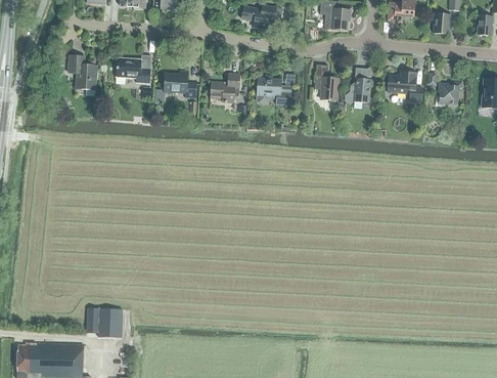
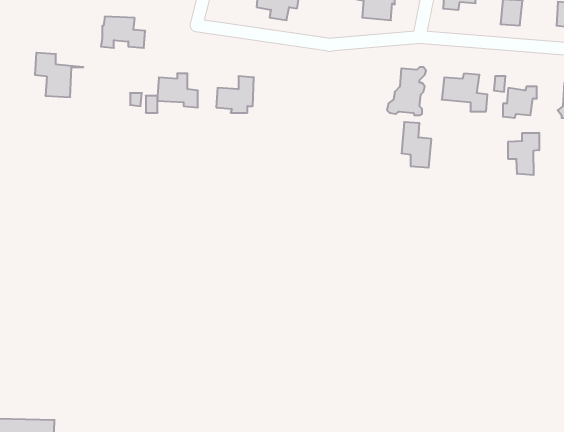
building: [116,58,150,83] -> [101,17,145,48]
building: [315,64,338,99] -> [401,122,431,168]
building: [256,75,292,104] -> none
building: none -> [508,133,539,175]
building: [87,306,123,337] -> none

